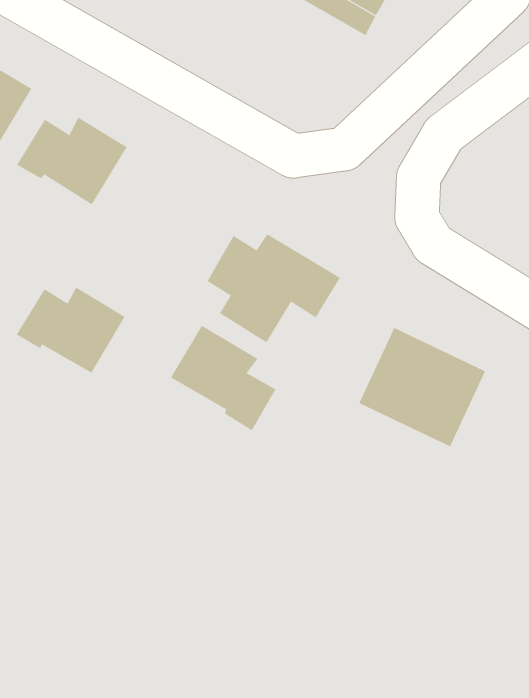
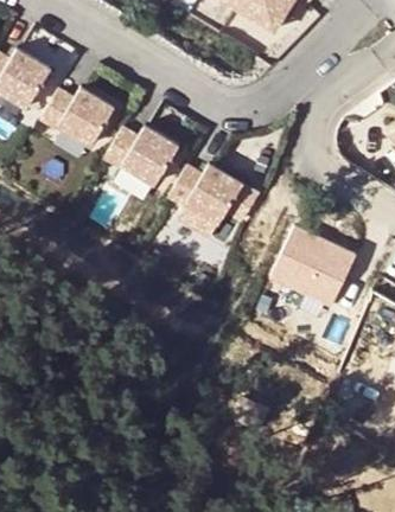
building: [16,287,125,373] -> [104,124,178,183]
building: [170,325,276,431] -> none

